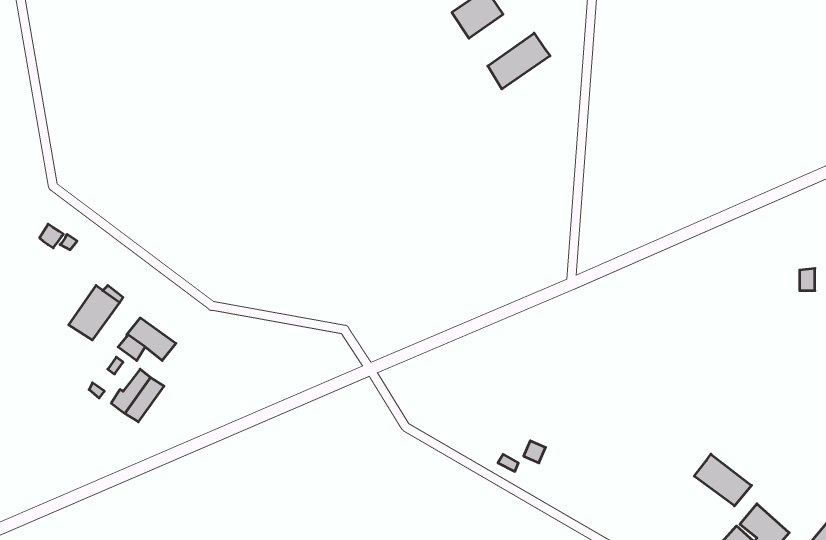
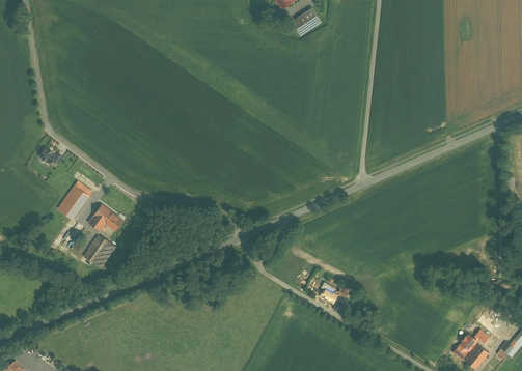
building: [488,33,550,89] -> none
building: [694,454,752,506] -> none

